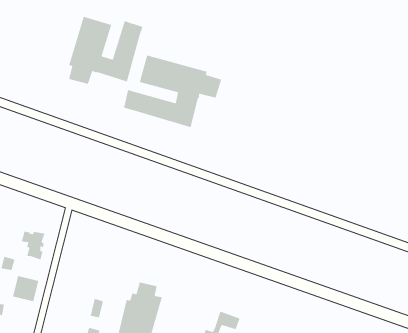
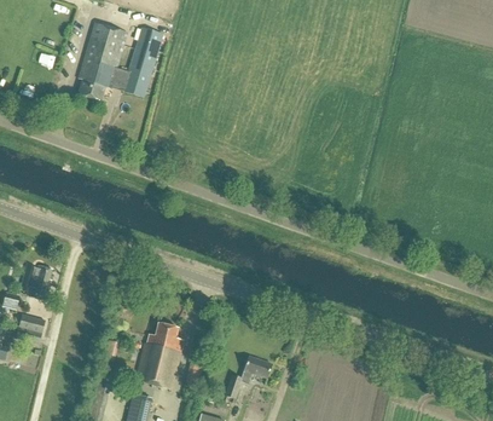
building: [123,54,222,128] -> none

